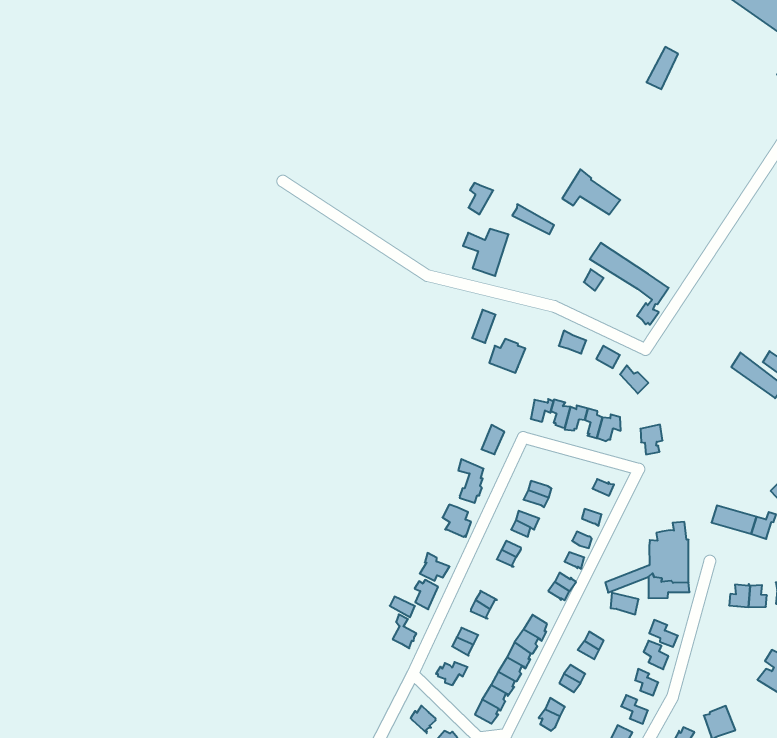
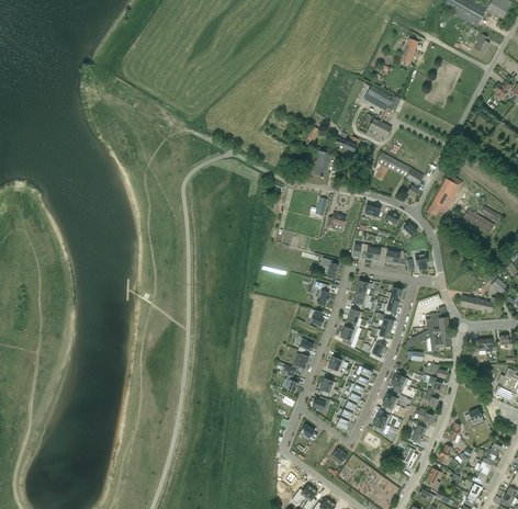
building: none -> [367,87,401,112]
building: none -> [427,179,462,216]

